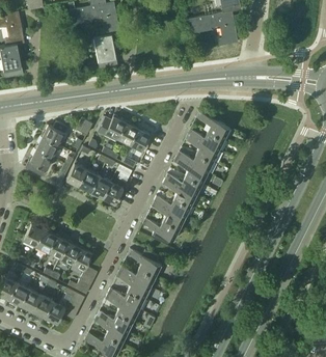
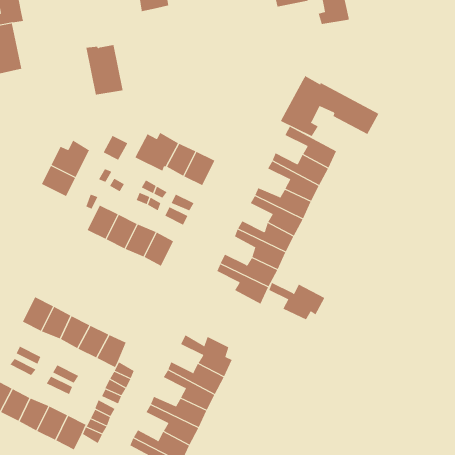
building: [92,34,117,67] -> [86,44,124,95]
building: none -> [280,75,379,137]
building: [24,149,52,176] -> none
building: [142,218,180,243] -> [268,282,325,320]

